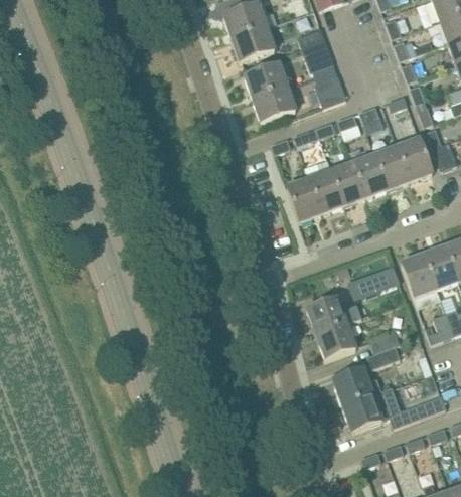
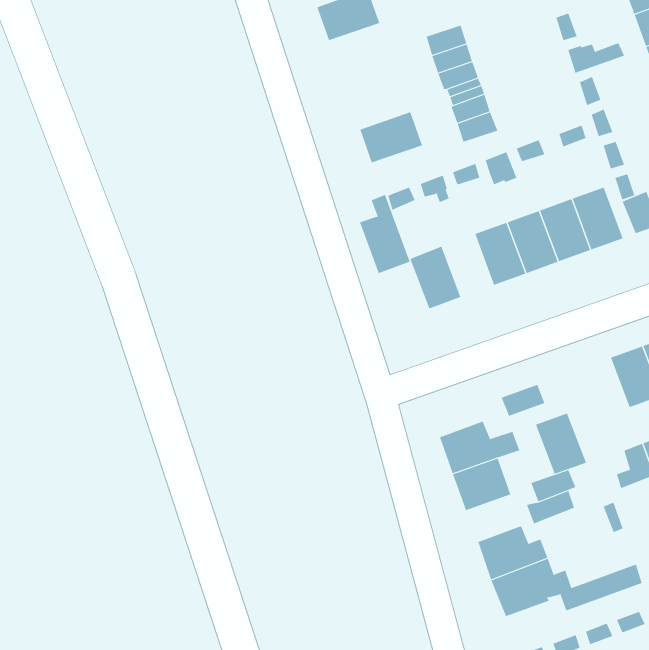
building: [232,25,275,60] -> none
building: [245,62,288,98] -> none
building: [309,158,344,212] -> [359,194,411,274]
building: [402,254,437,296] -> [535,413,587,475]

